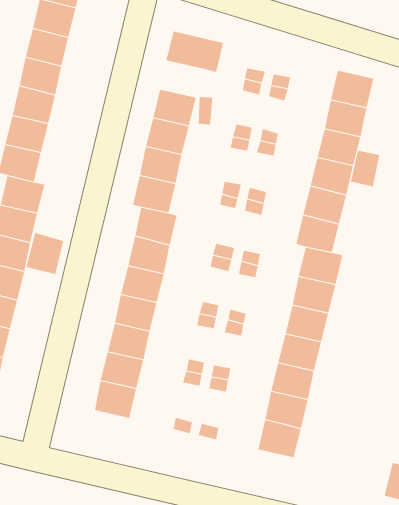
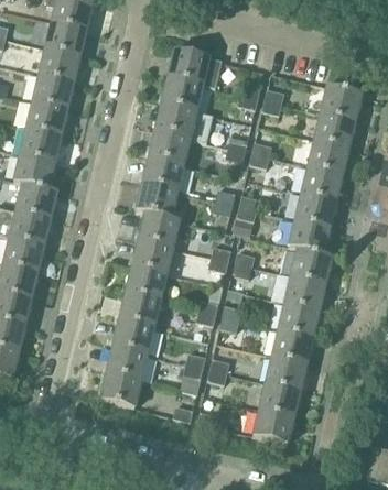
building: none -> [161,78,201,112]
building: [350,150,380,187] -> none
building: [26,232,64,275] -> none

